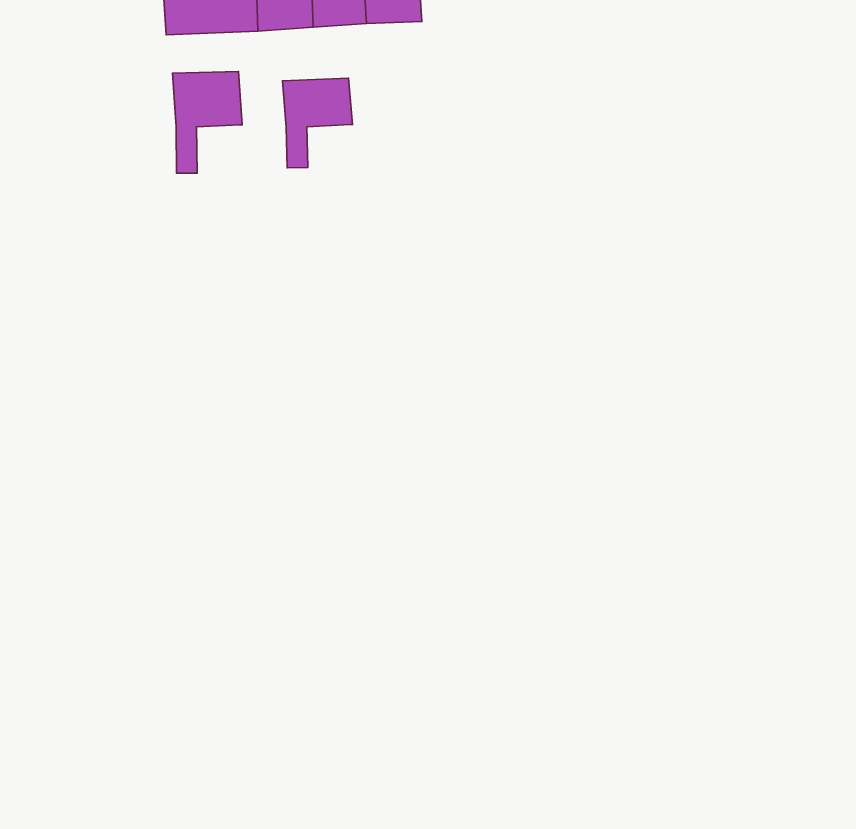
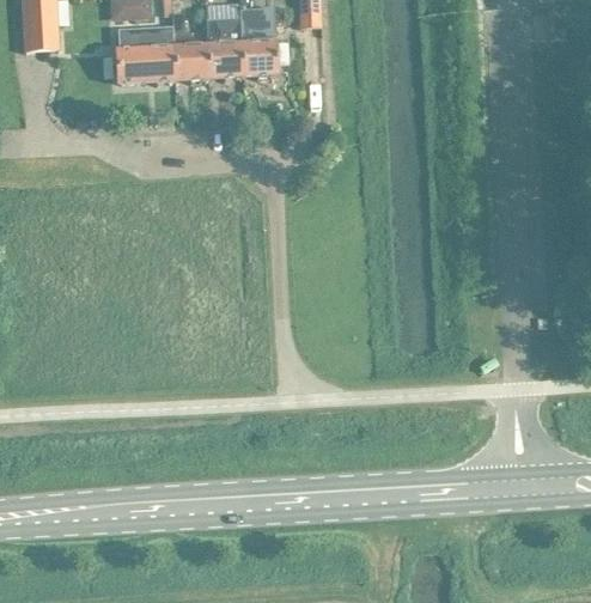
building: [172,71,242,173] -> none
building: [282,78,352,168] -> none

